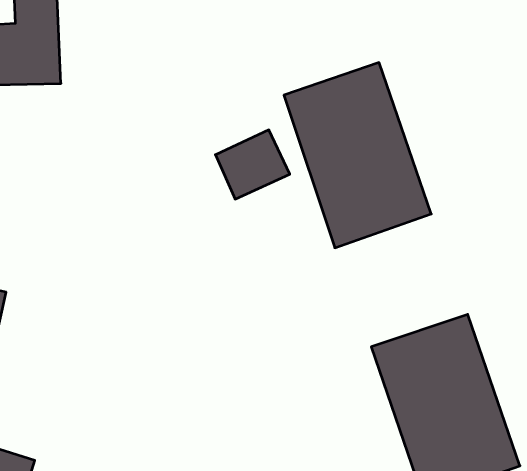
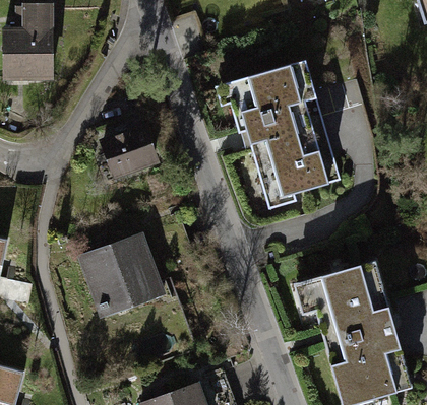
building: [215,130,290,199] -> [95,126,152,180]
building: none -> [86,229,174,316]

